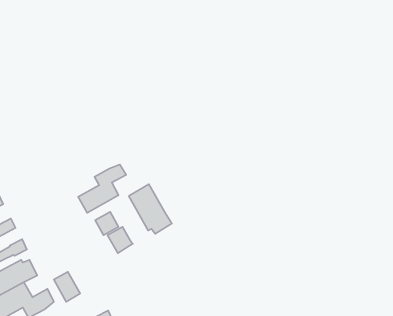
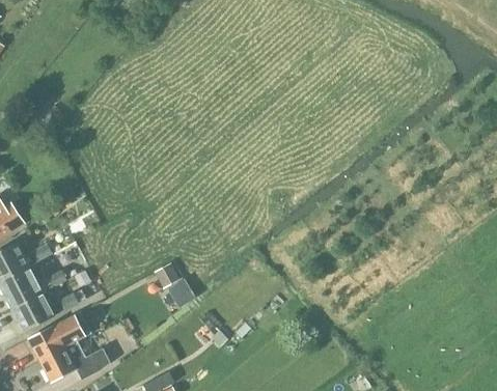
building: [78,165,126,213] -> none
building: [129,184,172,234] -> none

